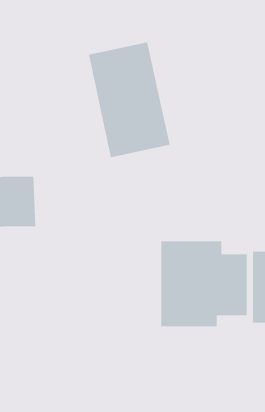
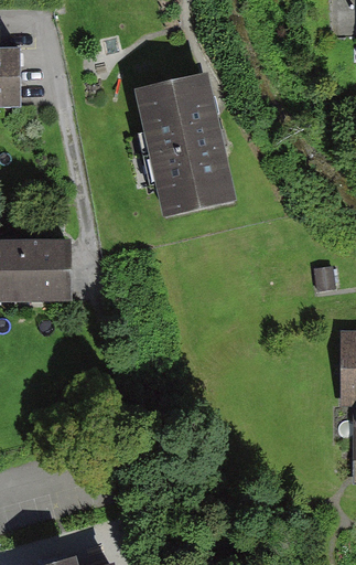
building: [161,240,247,327] -> none

